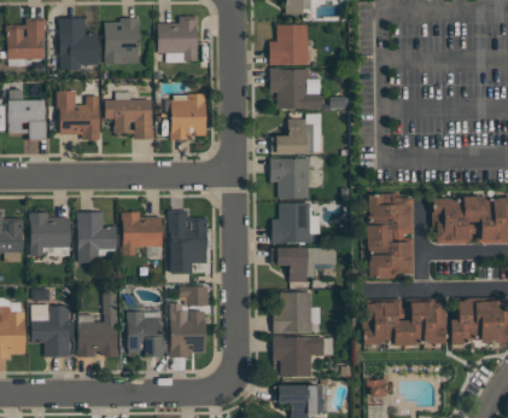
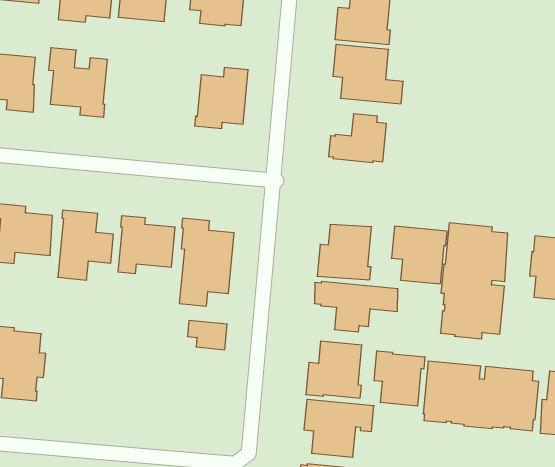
building: [105,100,154,139] -> none
building: [270,158,310,198] -> [391,226,447,284]
building: [77,291,118,358] -> none
building: none -> [374,351,425,406]
building: [170,303,205,358] -> none
building: [128,312,163,358] -> none

